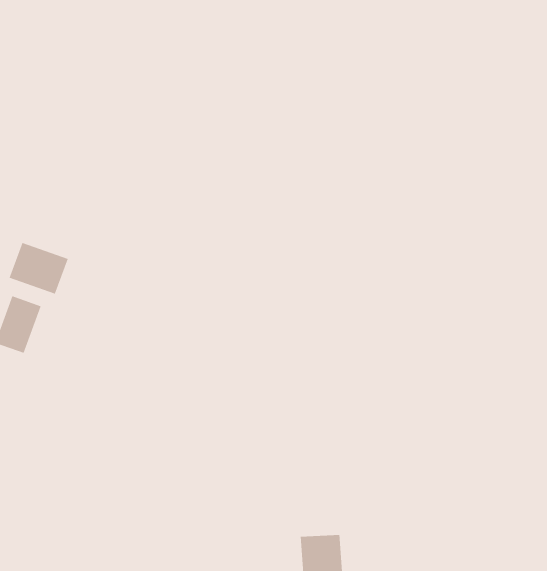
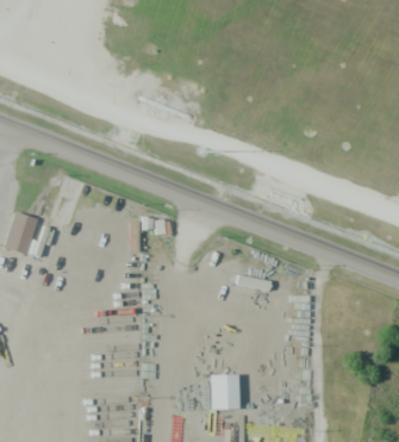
building: [9,242,69,295] -> none

